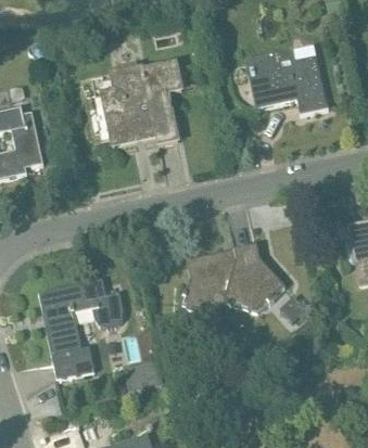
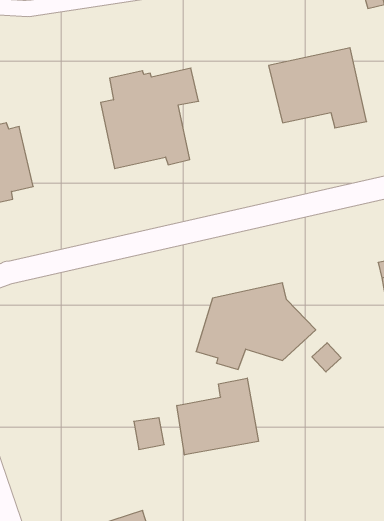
building: [39,277,124,379] -> none
building: none -> [177,378,258,455]

